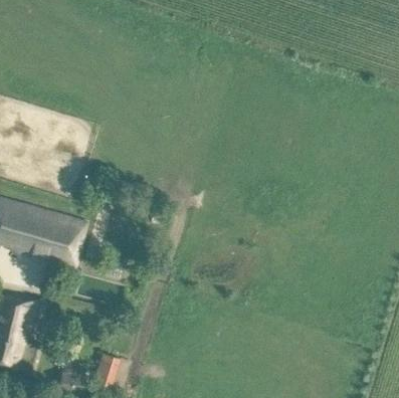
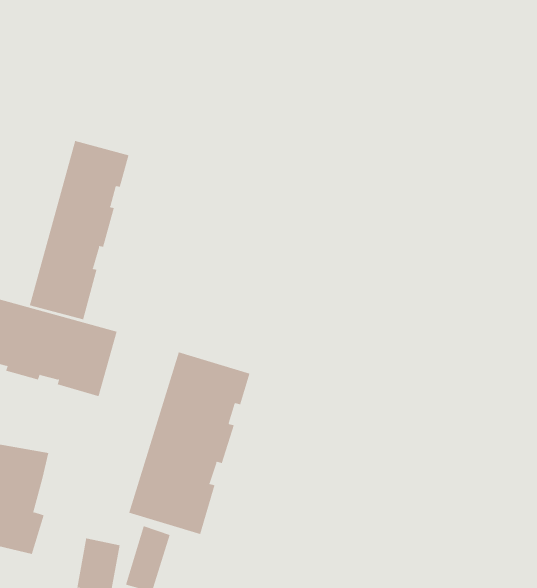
building: none -> [29,140,129,320]
building: none -> [129,351,250,535]

